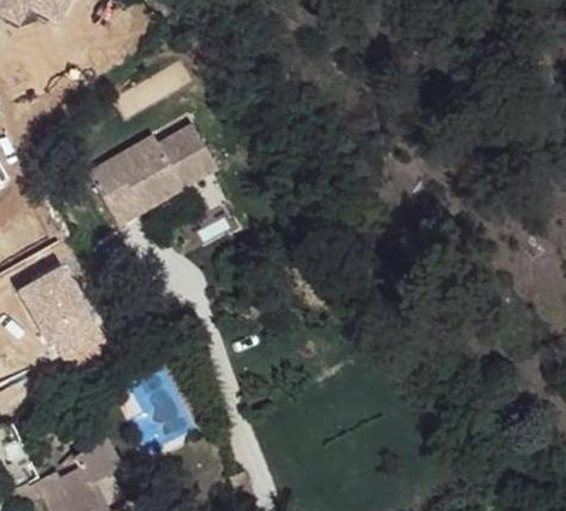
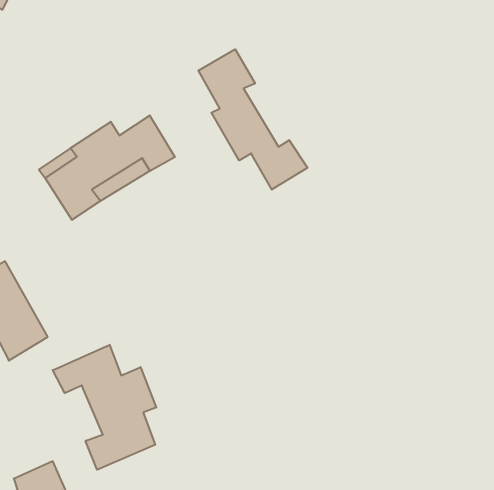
building: none -> [198,49,307,190]
building: none -> [53,345,156,470]

